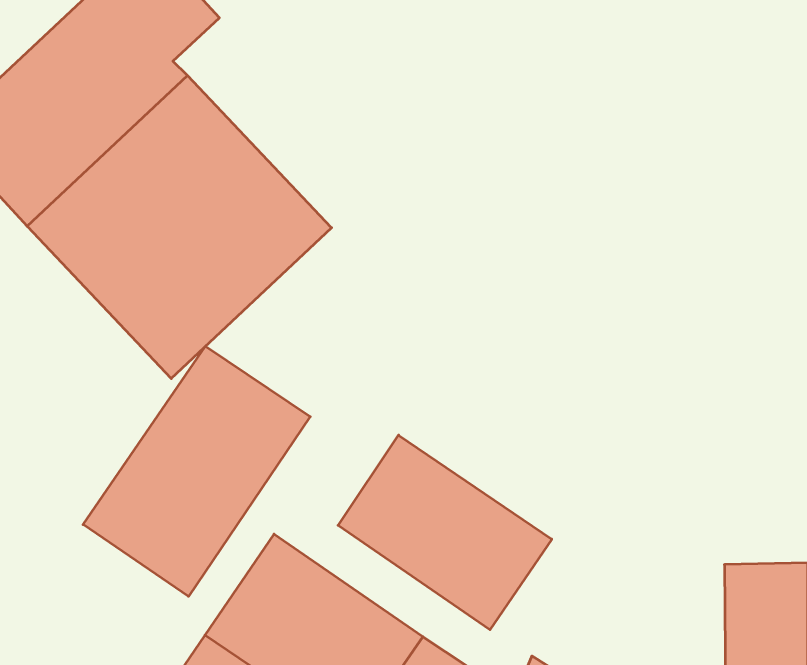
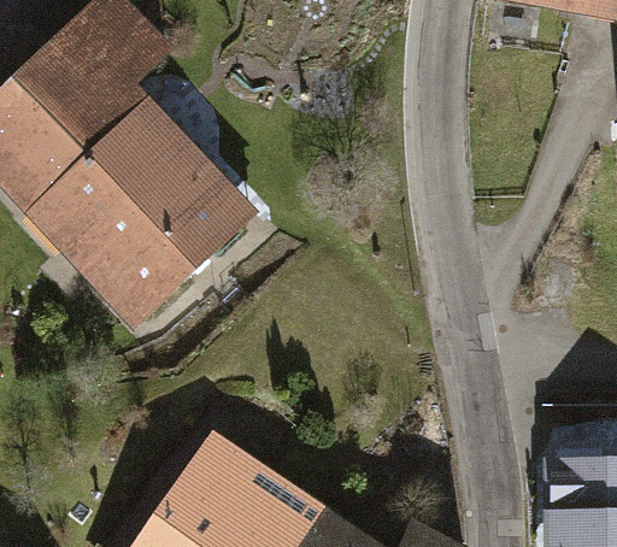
building: [83,346,310,596] -> none
building: [338,435,552,630] -> none

